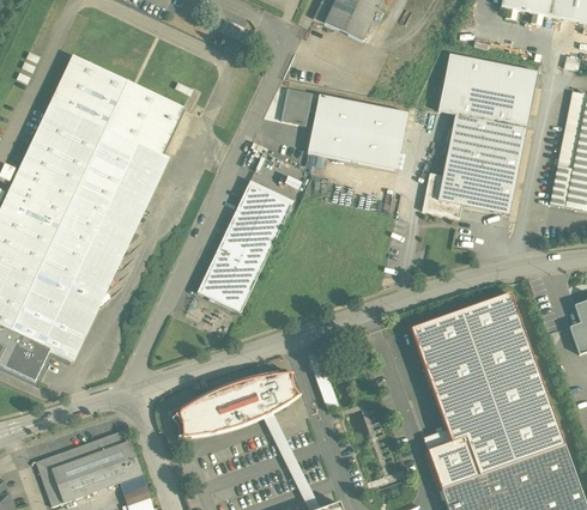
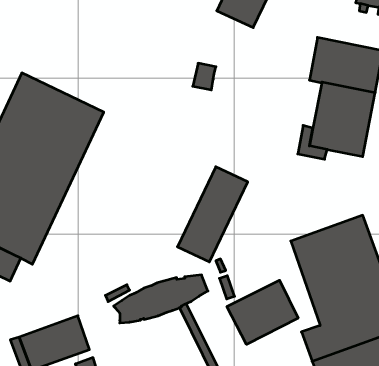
building: [52,54,183,154] -> none
building: [308,95,409,169] -> none
building: [198,184,292,312] -> [177,167,248,262]
building: none -> [227,280,298,344]

